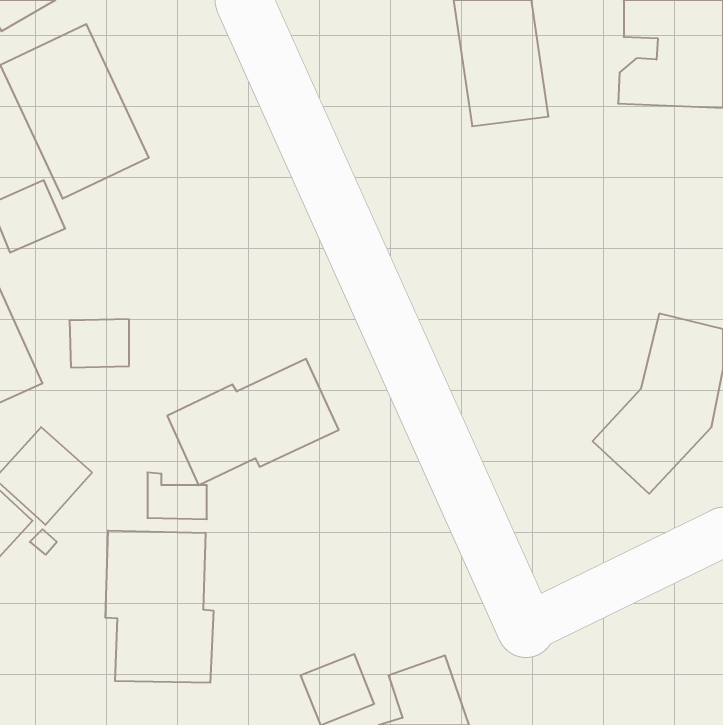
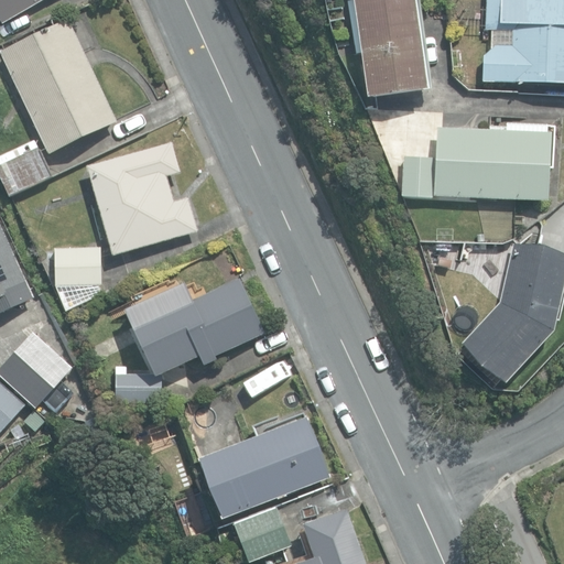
building: none -> [401,126,554,202]
building: none -> [87,142,197,254]
building: [106,530,213,683] -> none
building: none -> [198,416,328,518]

